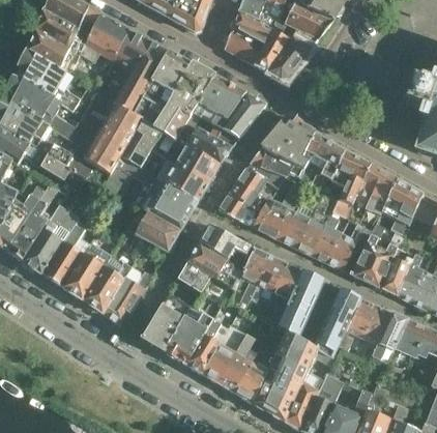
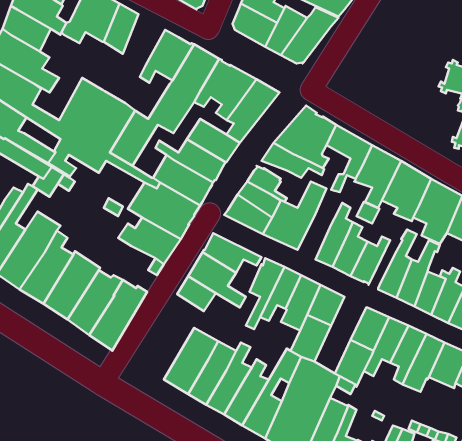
building: [114,35,168,112] -> none
building: [282,202,316,247] -> none
building: [142,293,193,350] -> none

